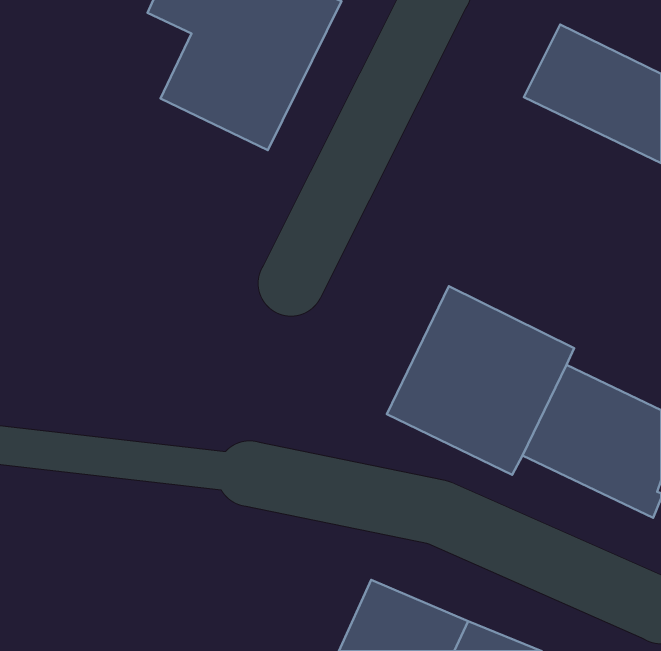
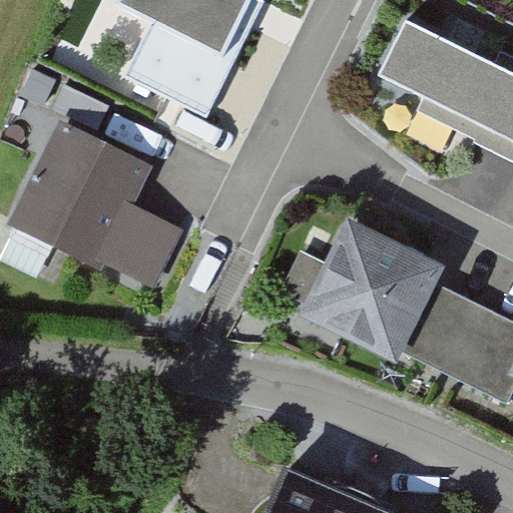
building: none -> [7,124,184,289]

